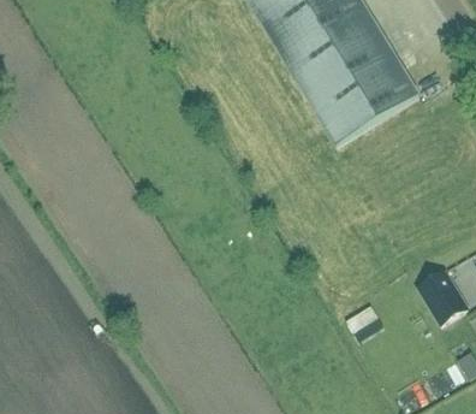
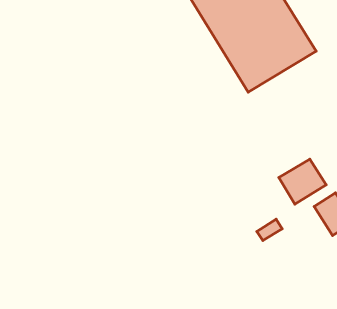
building: none -> [279,159,326,204]

